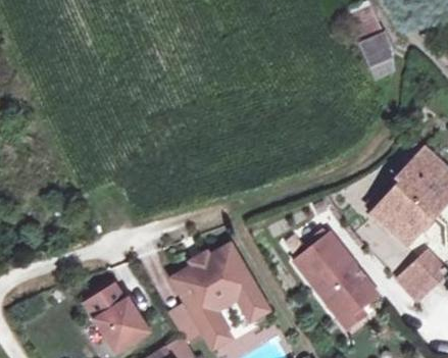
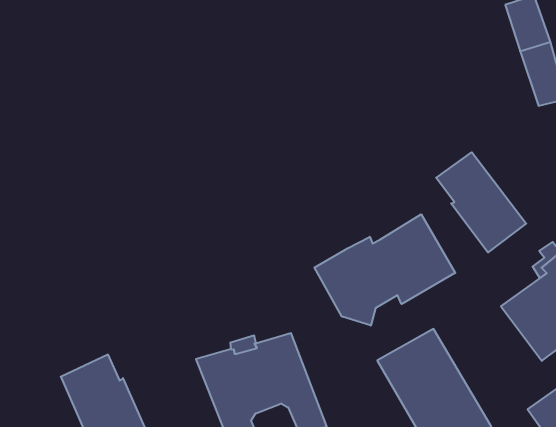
building: none -> [436,152,526,252]
building: none -> [315,214,455,326]

